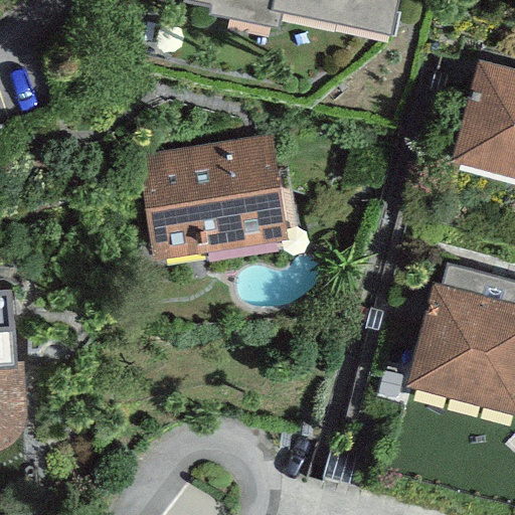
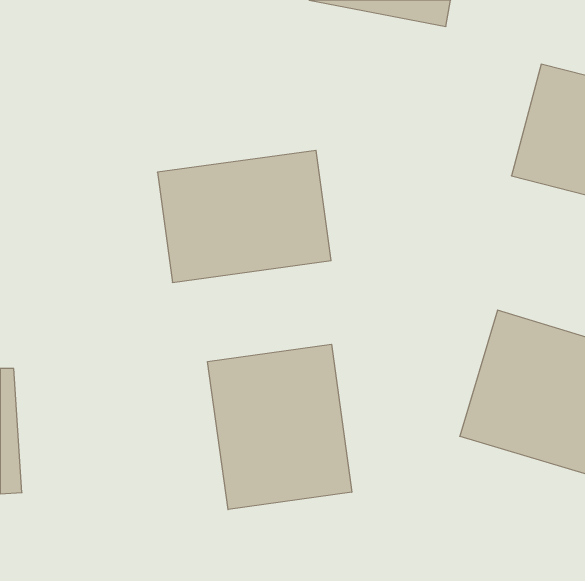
building: none -> [208,344,352,510]

